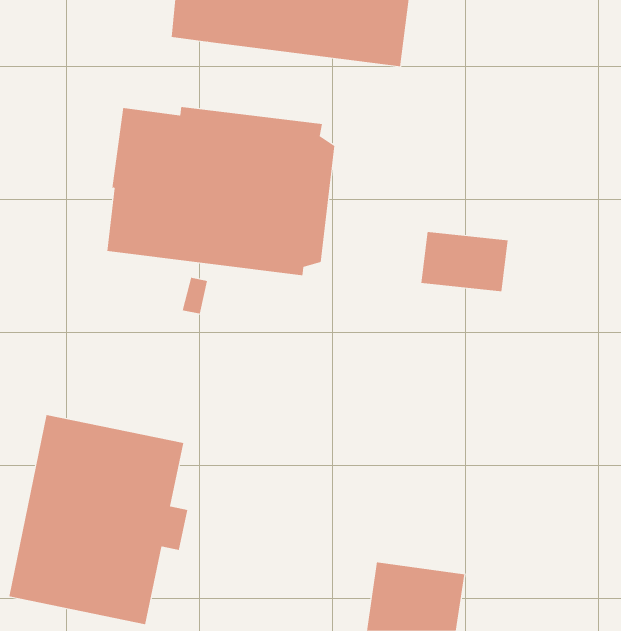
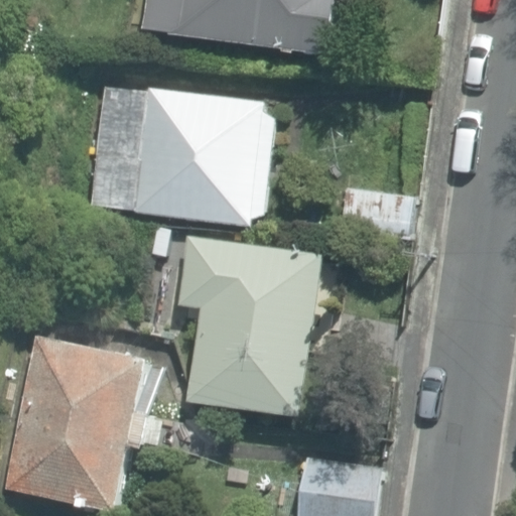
building: none -> [178,236,320,415]

